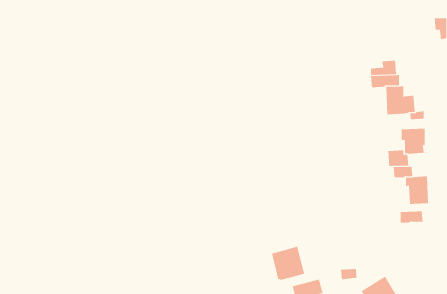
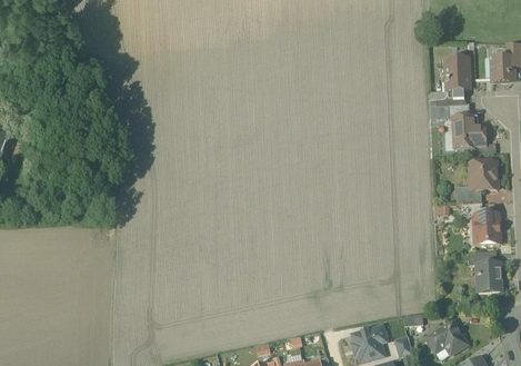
building: none -> [492,57,514,81]
building: none -> [445,58,469,90]
building: none -> [478,263,501,291]
building: [271,246,305,281] -> none

